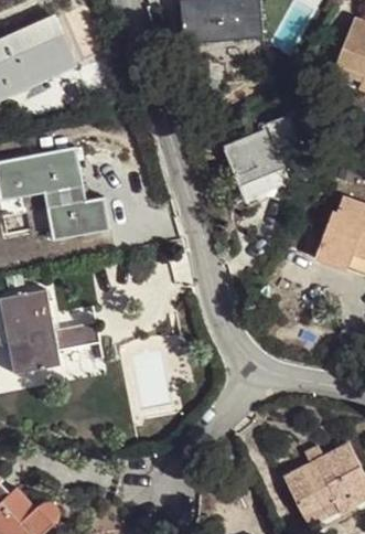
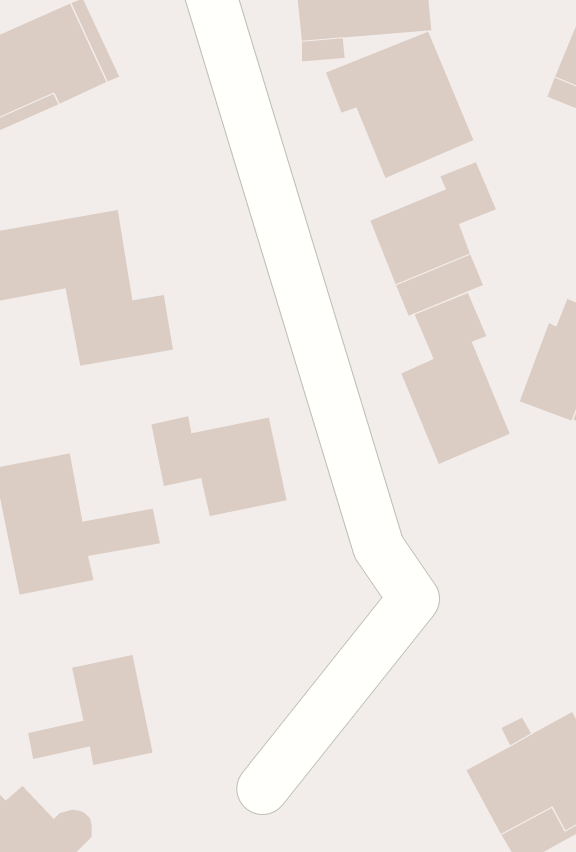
building: none -> [325,31,474,179]
building: none -> [401,292,510,465]
building: none -> [151,416,287,517]
building: none -> [27,654,153,766]

